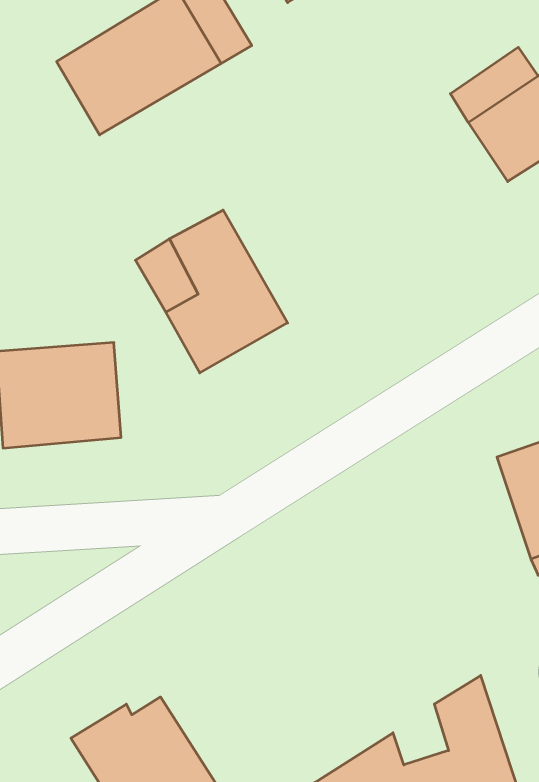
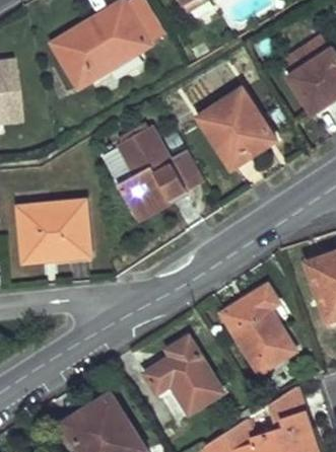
building: none -> [199,86,276,164]
building: none -> [167,144,203,187]
building: none -> [218,286,294,375]
building: none -> [143,336,221,412]

